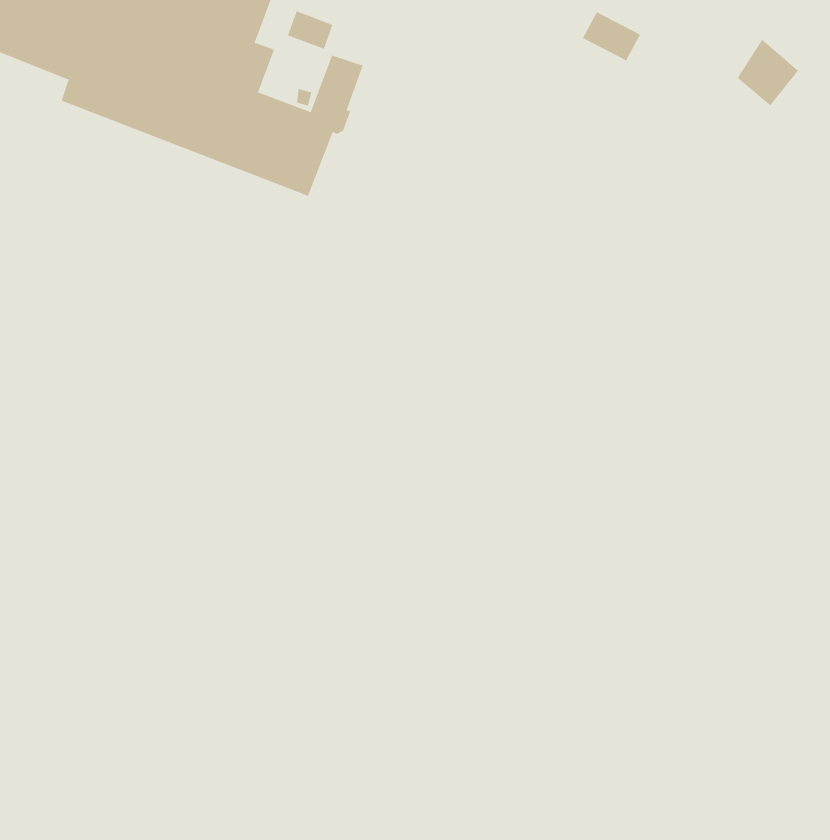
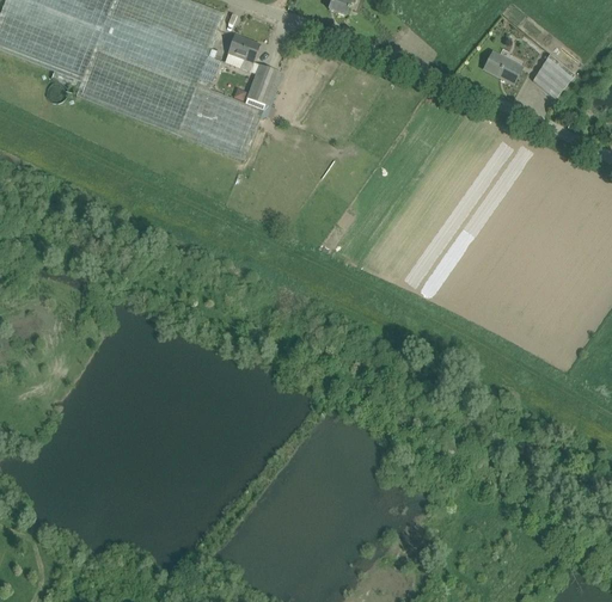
building: [582,12,641,61] -> [483,49,522,82]

